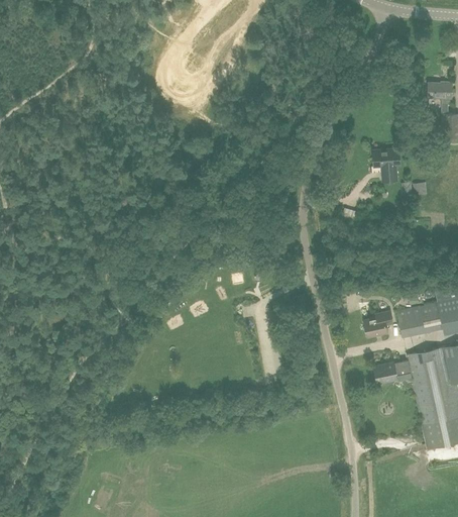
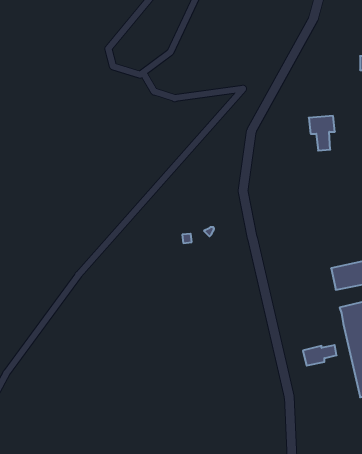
building: [364,312,393,337] -> none
building: [374,360,411,383] -> [303,345,337,366]

